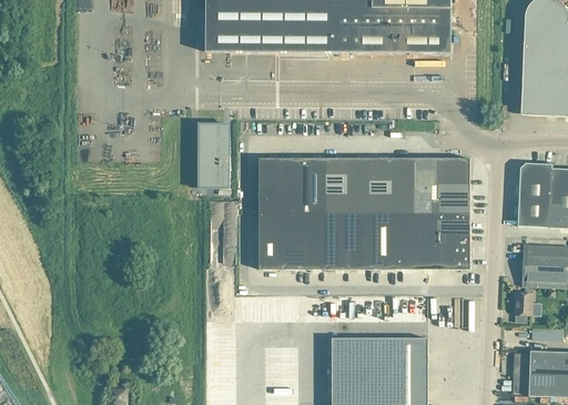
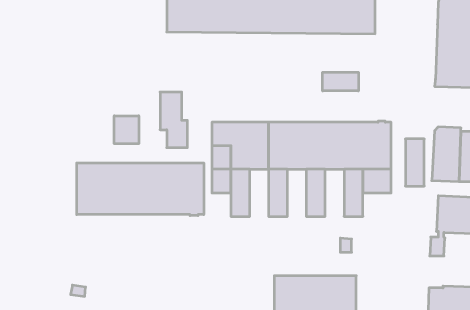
building: none -> [323,72,358,91]
building: none -> [114,116,139,144]
building: none -> [77,163,204,216]
building: [303,212,325,267] -> none
building: [347,212,369,267] -> none
building: [392,212,414,267] -> [405,139,424,186]
building: [258,240,281,267] -> none
building: [436,240,469,267] -> none

